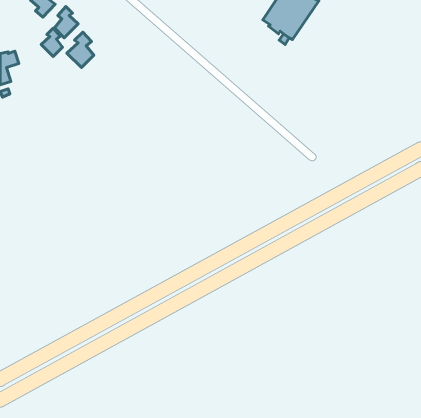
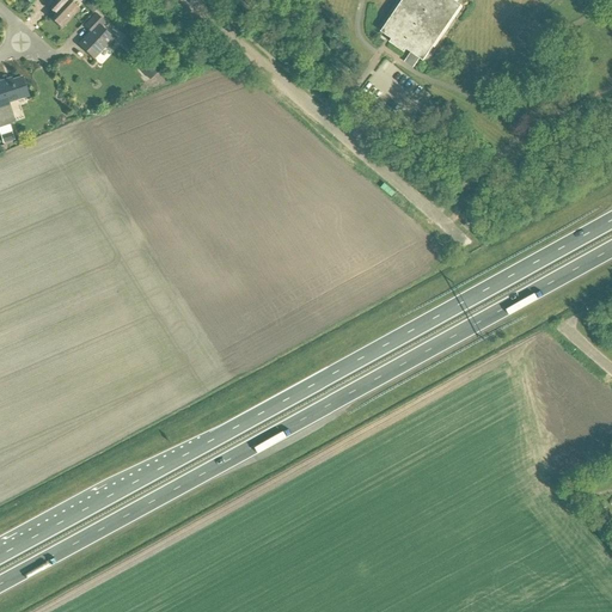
building: [41,28,63,57] -> none
building: [67,32,94,68] -> none

